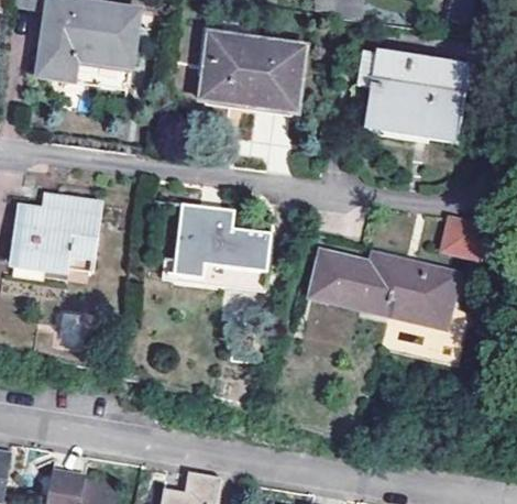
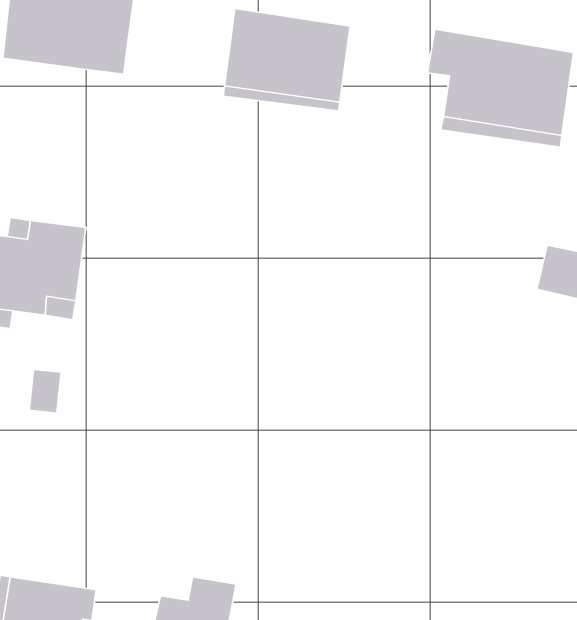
building: [170,201,273,286] -> none
building: [314,258,455,322] -> none

